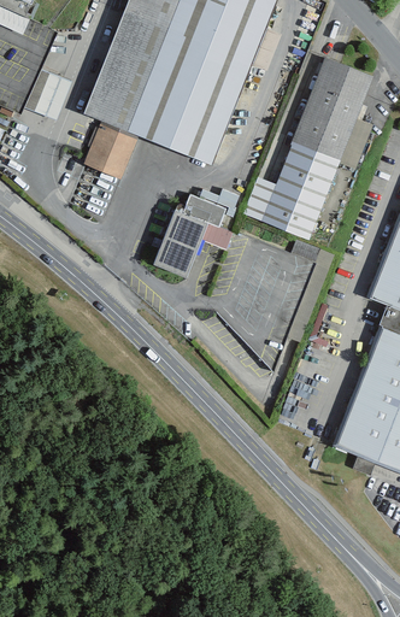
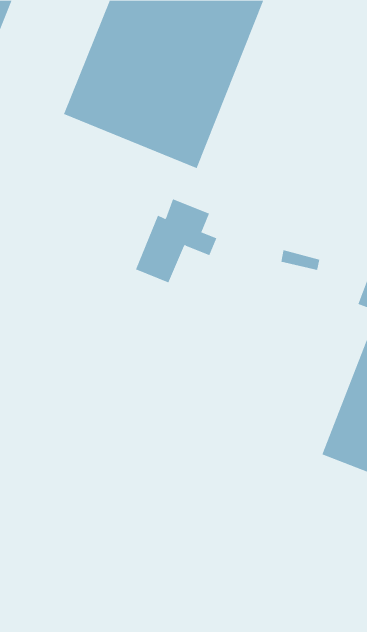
building: [243,55,372,239] -> none
building: [83,124,134,177] -> none

